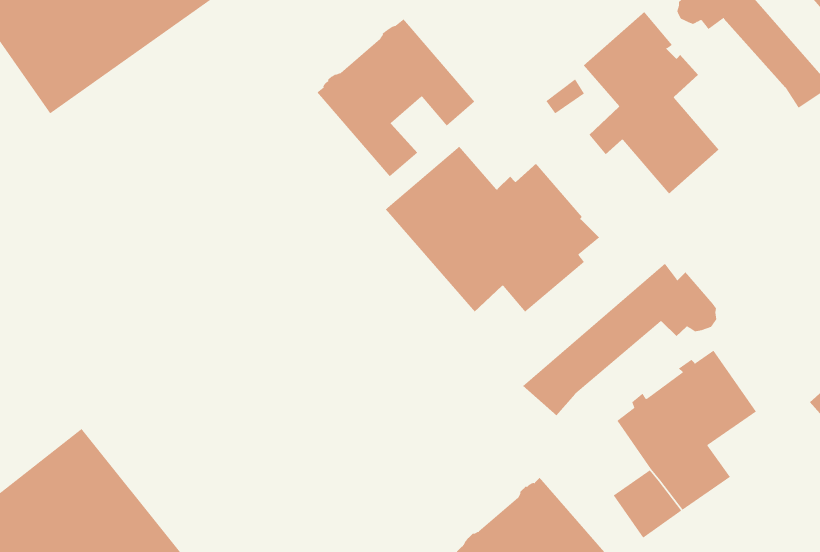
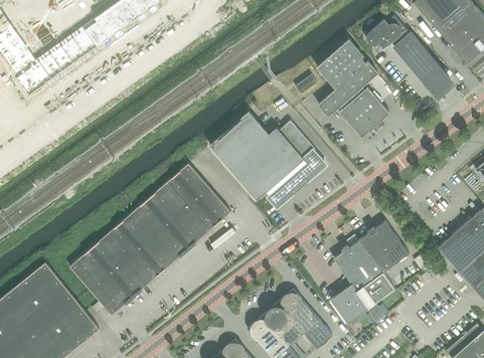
building: [316,19,475,177] -> none
building: none -> [69,163,231,314]
building: [522,263,717,416] -> none

